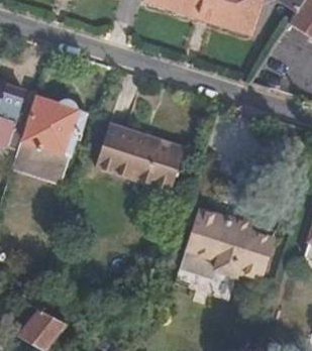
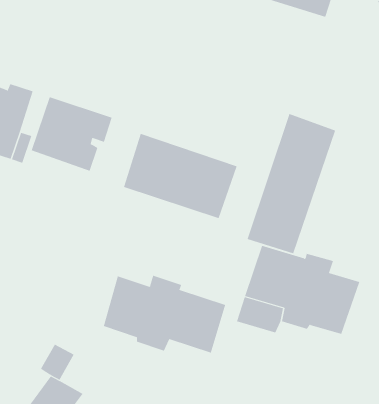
building: none -> [247,113,336,254]
building: [16,135,70,176] -> none
building: none -> [103,275,226,354]

